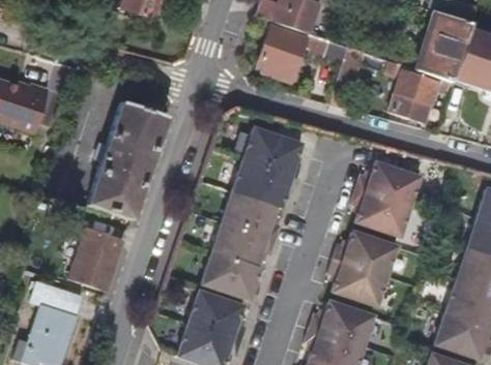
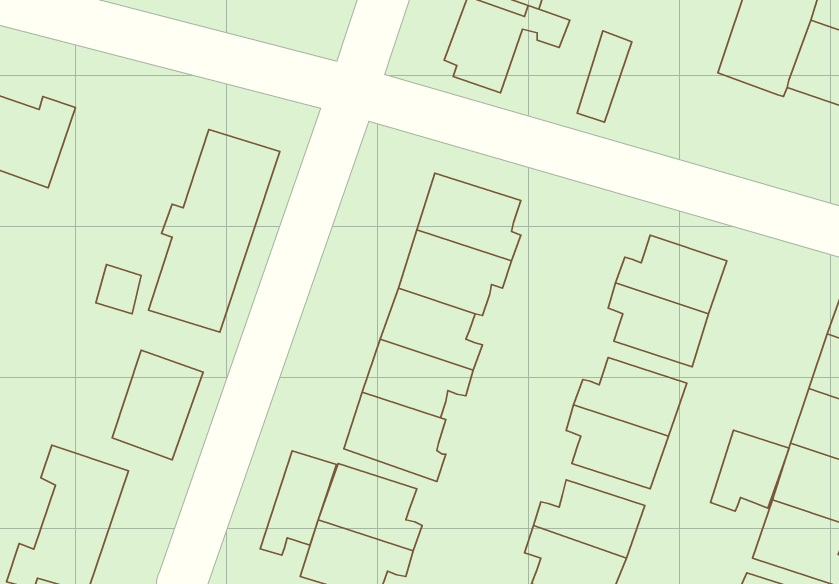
building: [384,61,449,123] -> none
building: none -> [711,430,789,511]
building: none -> [260,451,336,555]

